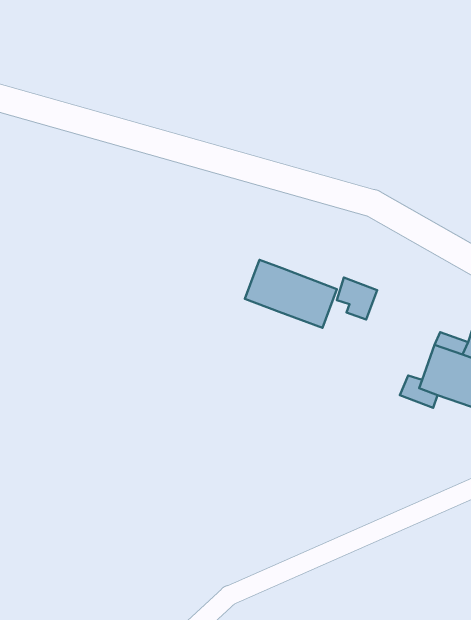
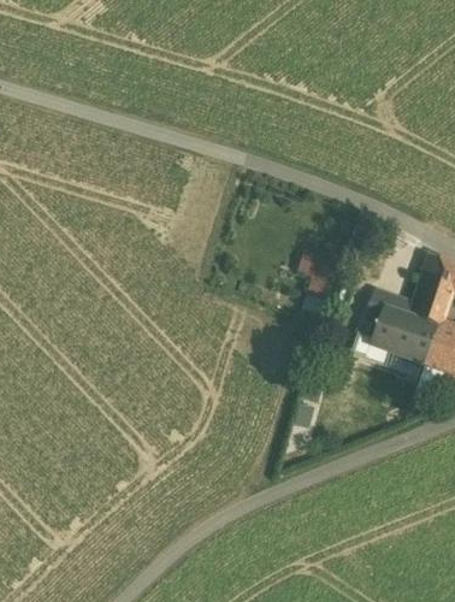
building: [245,260,337,328] -> none

